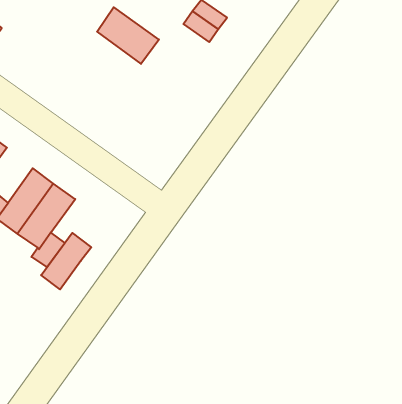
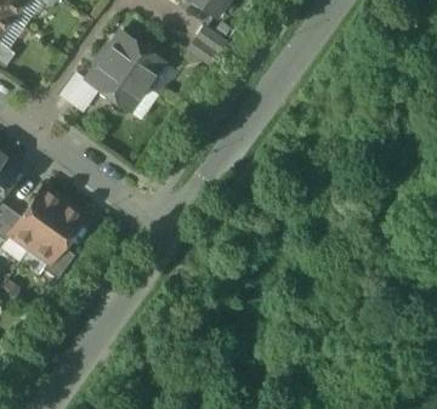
building: none -> [87,56,146,109]
building: [41,233,91,289] -> none

